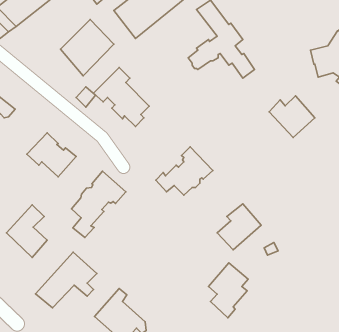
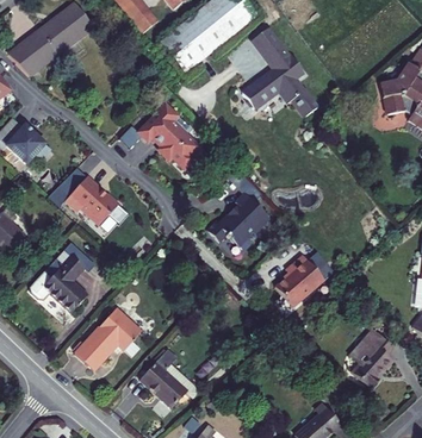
building: [60,19,114,76] -> none
building: [269,96,315,138] -> none
building: [72,171,126,238] -> none
building: [208,263,248,318] -> [349,327,393,388]

